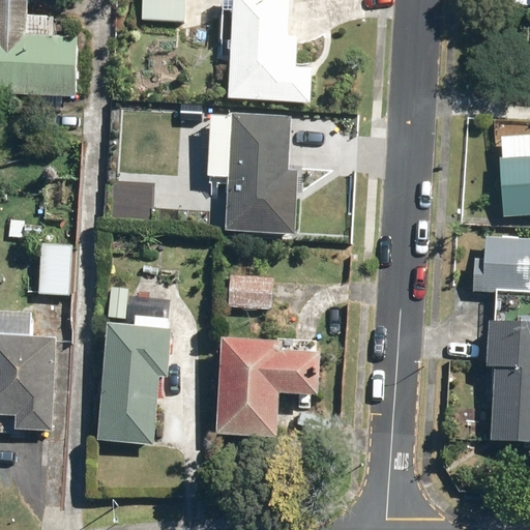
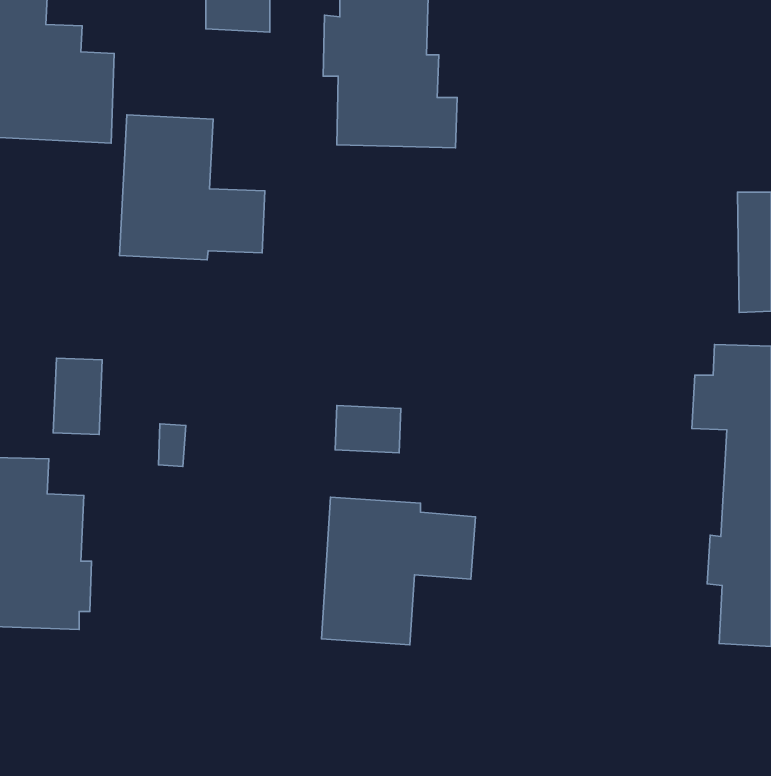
building: none -> [119,115,265,260]
building: [207,114,298,231] -> none
building: [100,317,172,443] -> none

